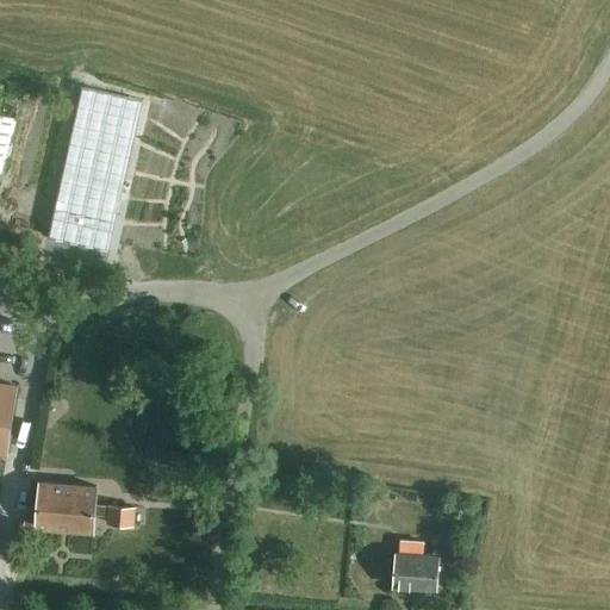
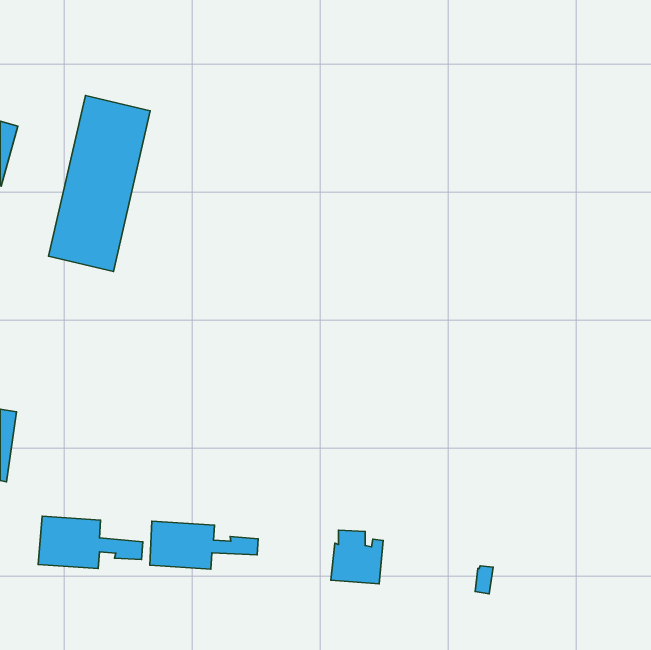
building: none -> [150,521,258,569]
building: [392,541,441,591] -> [331,530,383,584]

